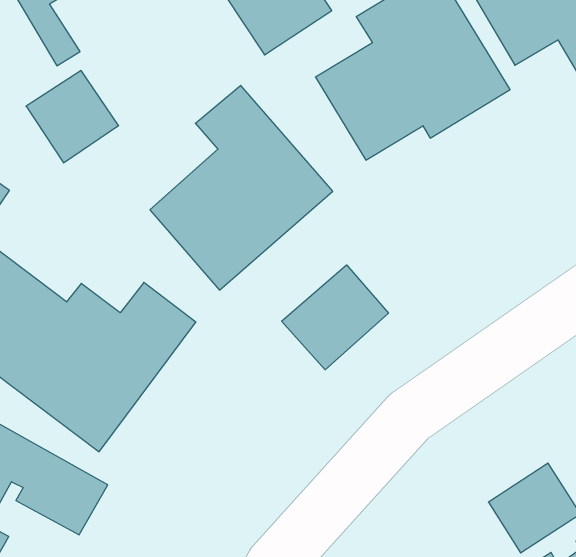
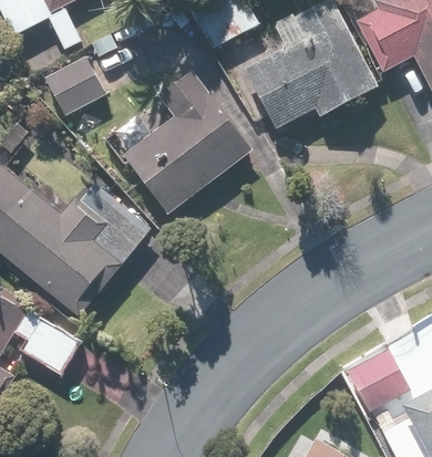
building: [282,265,388,370] -> none

